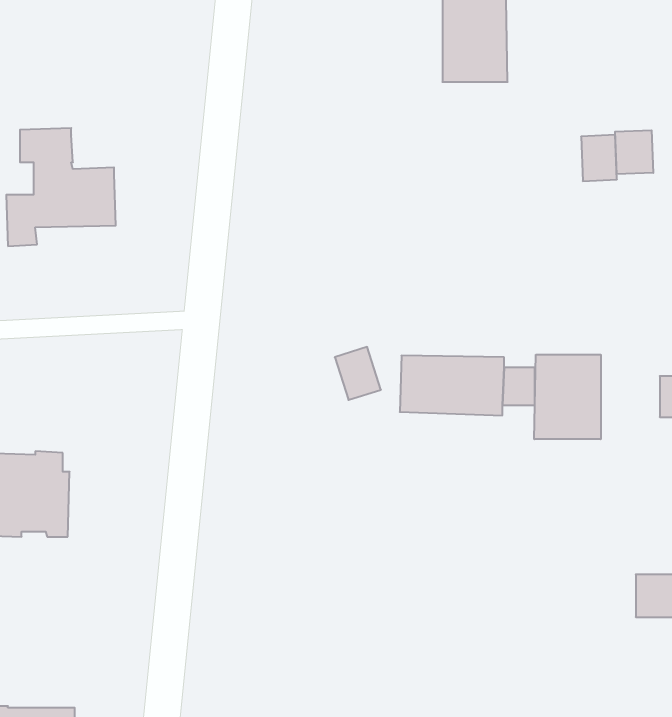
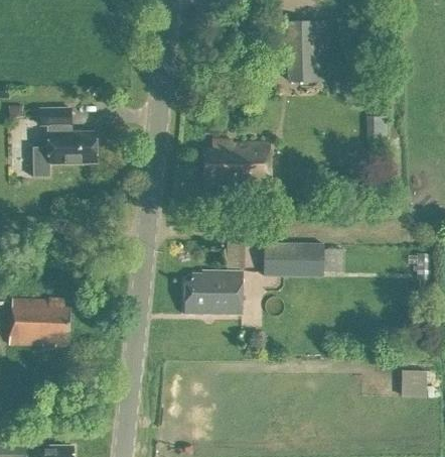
building: [615,130,653,174] -> none
building: none -> [202,141,268,191]
building: [534,355,601,439] -> none
building: none -> [182,270,242,316]

